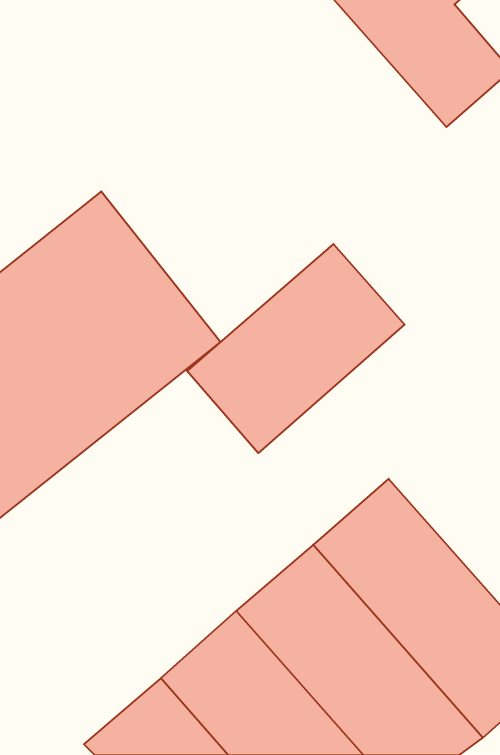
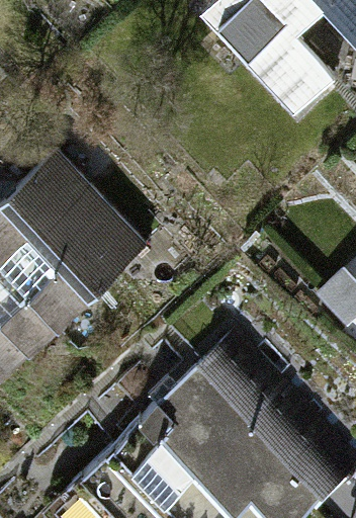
building: [187,244,405,453] -> none

